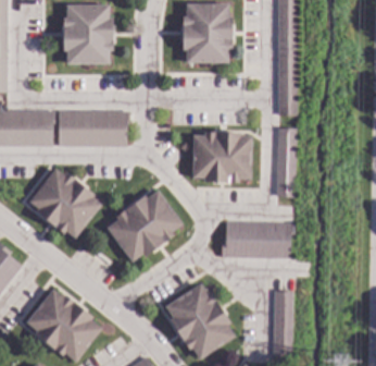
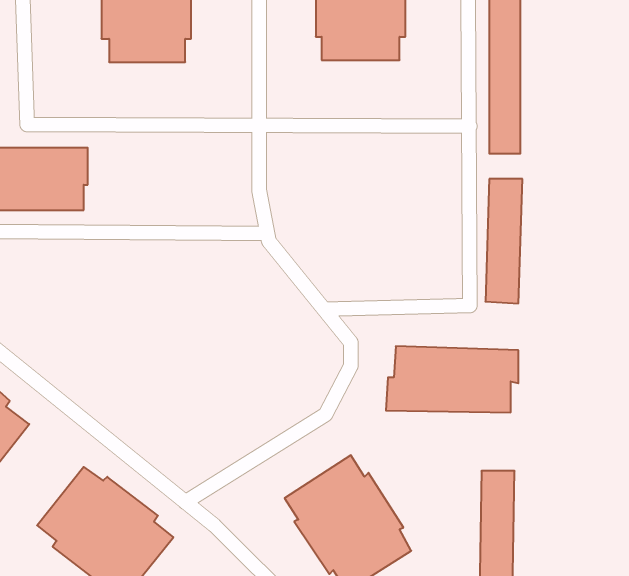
building: [58,110,128,145] -> none
building: [192,131,252,182] -> none
building: [29,168,101,237] -> none
building: [106,188,183,261] -> none

